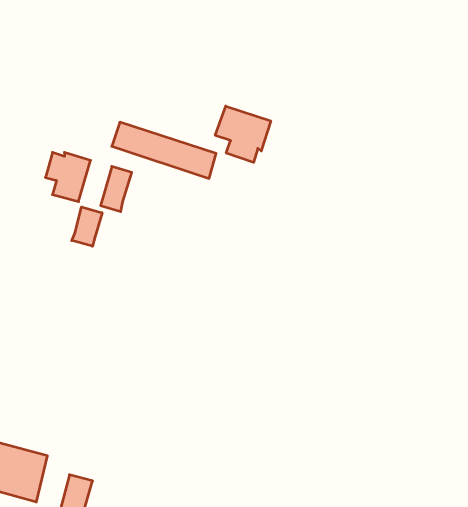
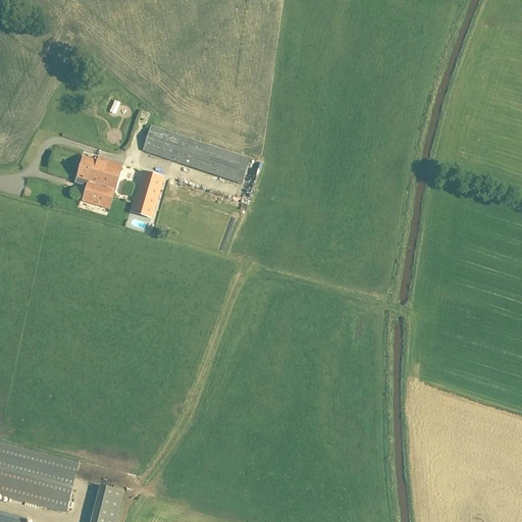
building: [215,106,271,162] -> none
building: [72,207,102,246] -> none

